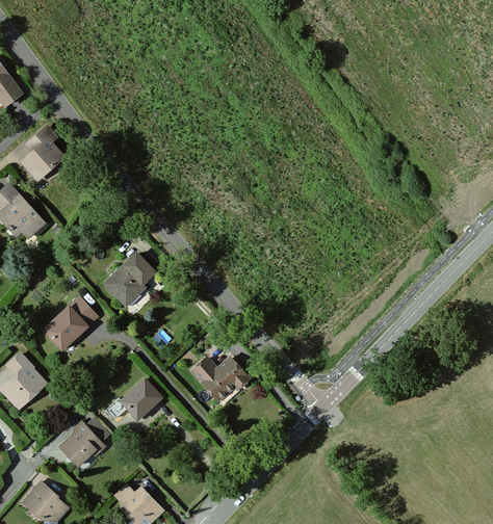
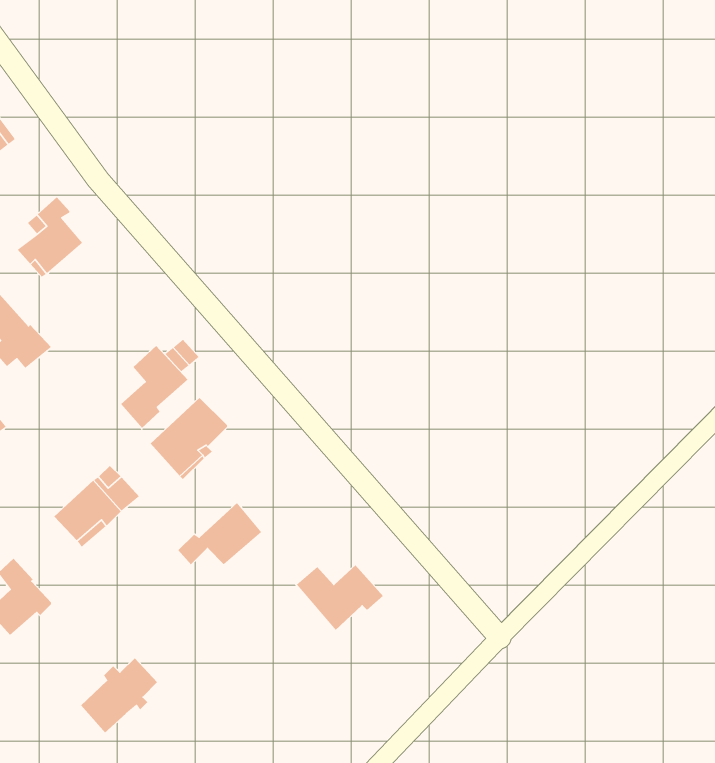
building: none -> [120,345,188,429]
building: [108,378,161,418] -> [177,502,262,565]

